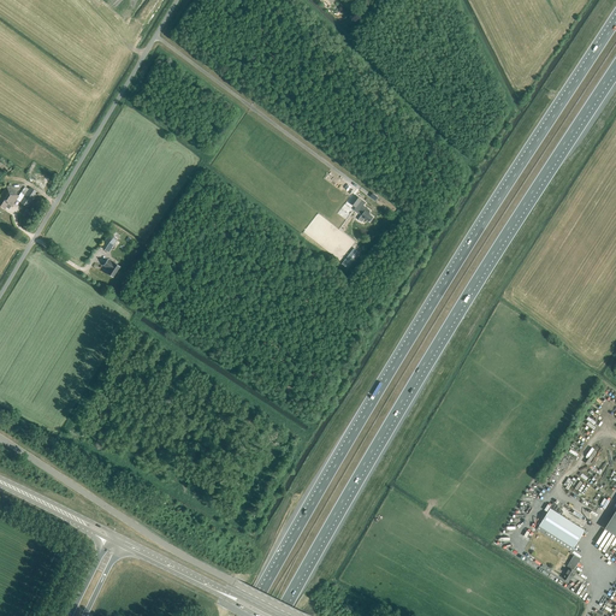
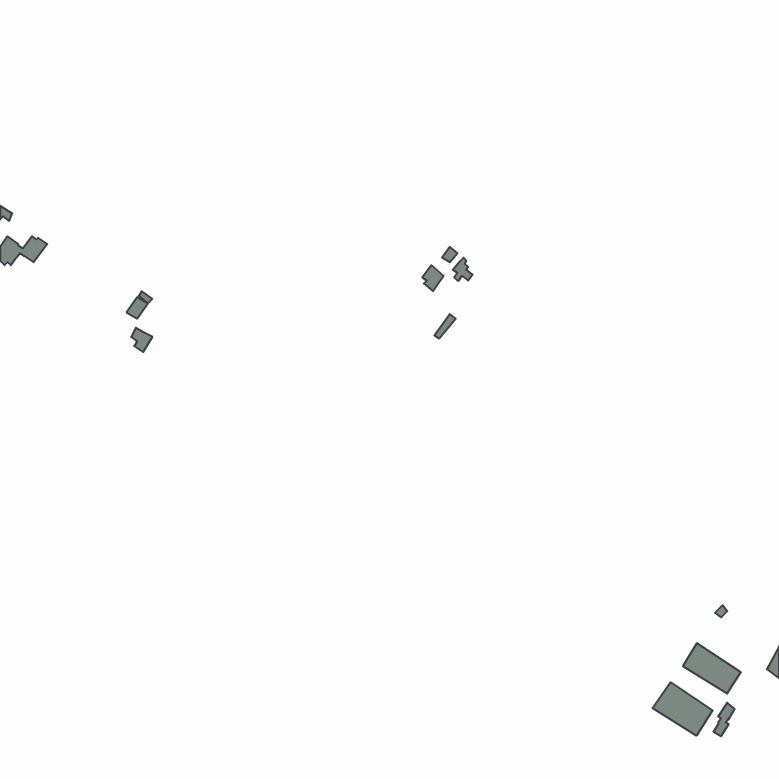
building: none -> [653,682,713,736]

